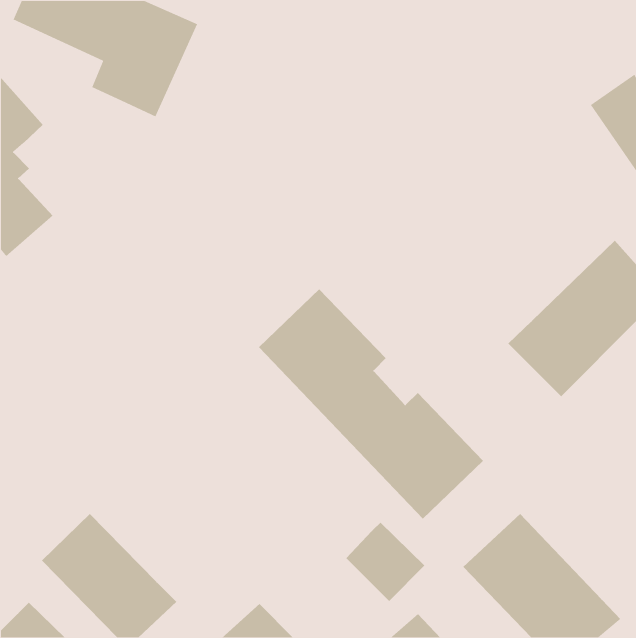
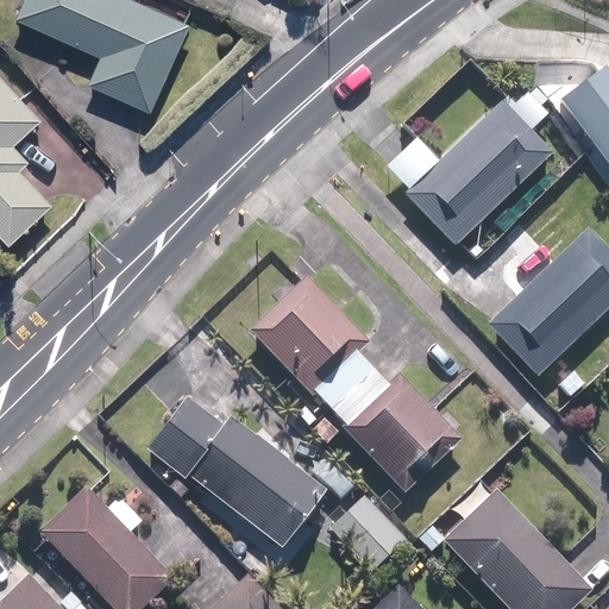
building: none -> [402,100,553,251]
building: none -> [145,397,327,550]

